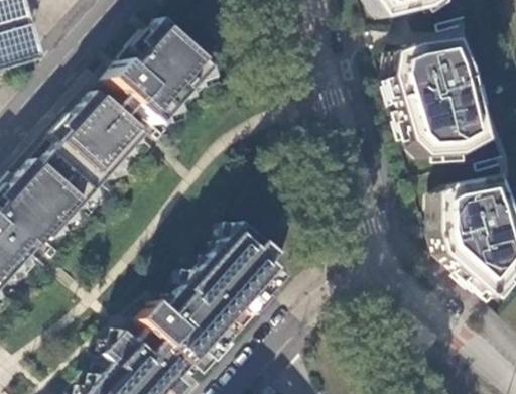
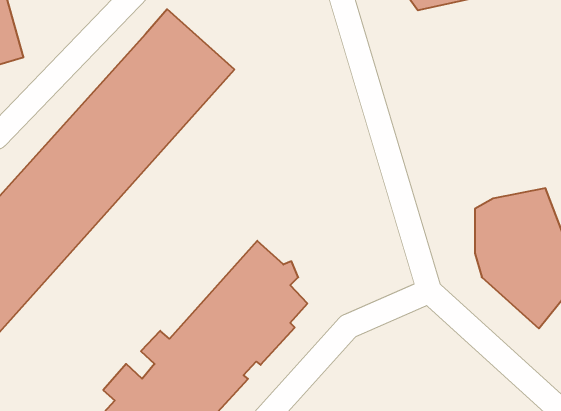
building: [385,33,483,154] -> none

